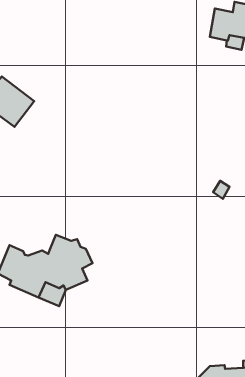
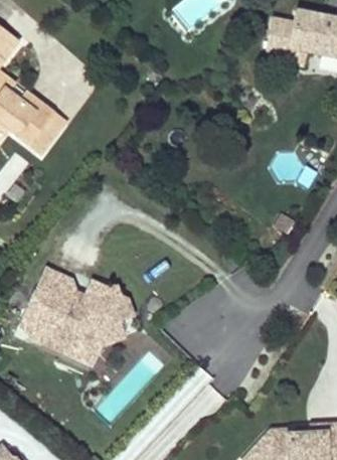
building: none -> [33,267,81,302]

